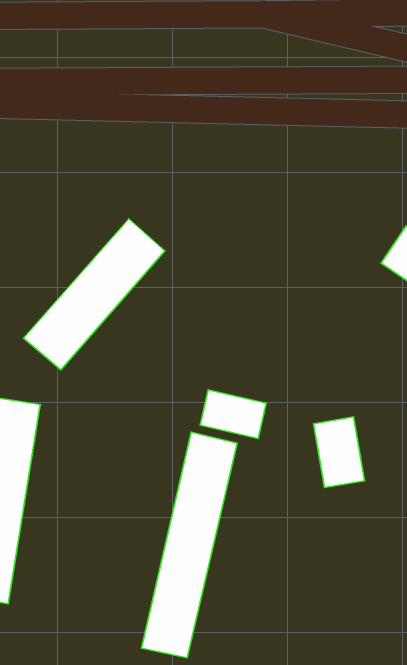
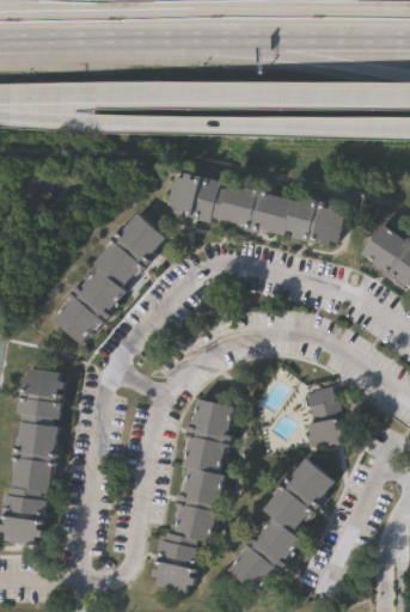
building: none -> [167,166,345,251]
building: [200,390,266,438] -> none
building: none -> [230,455,337,593]

